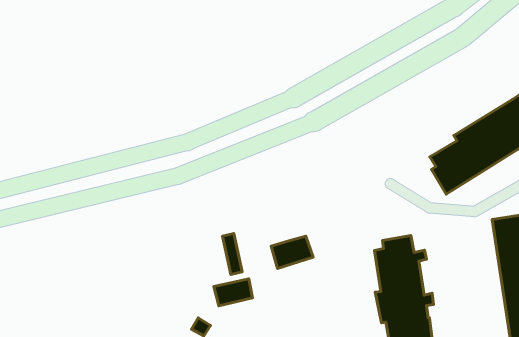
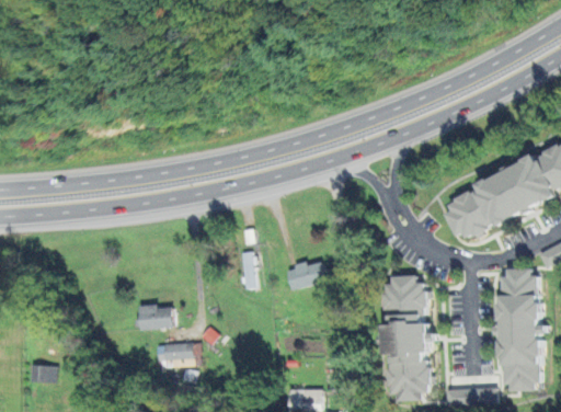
building: [214,279,253,306] -> none
building: none -> [137,305,171,329]

